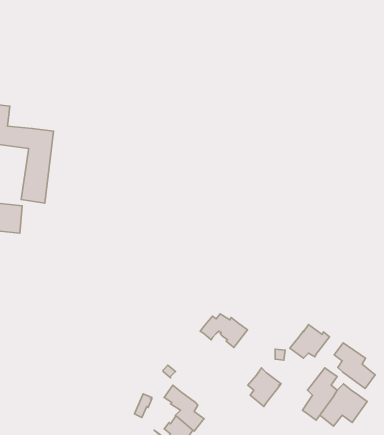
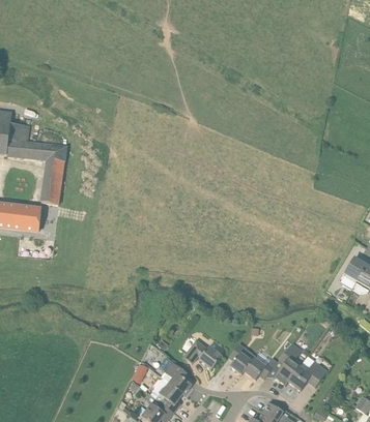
building: [200,314,247,347] -> [182,341,222,369]
building: [290,324,330,358] -> [244,351,277,379]
building: [334,343,375,388] -> none

